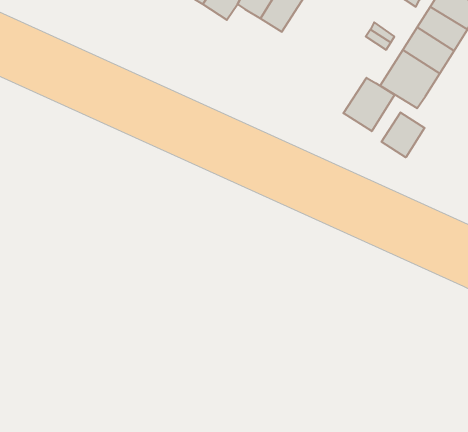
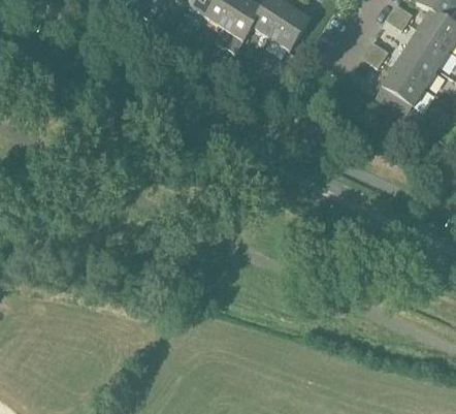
building: [343,78,395,131] -> none
building: [382,112,425,157] -> none

